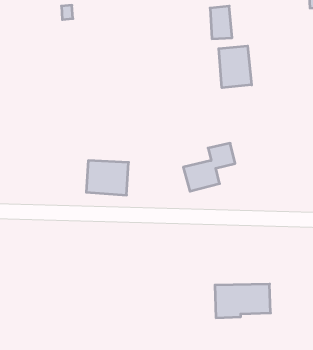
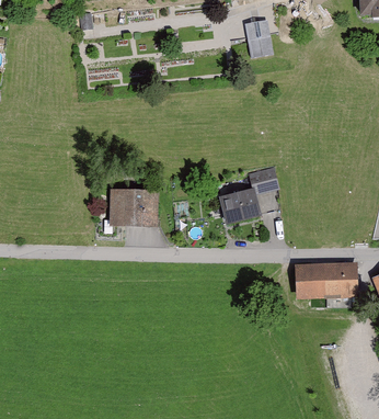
building: [219,46,252,88] -> none
building: [215,284,271,318] -> [292,262,356,301]

